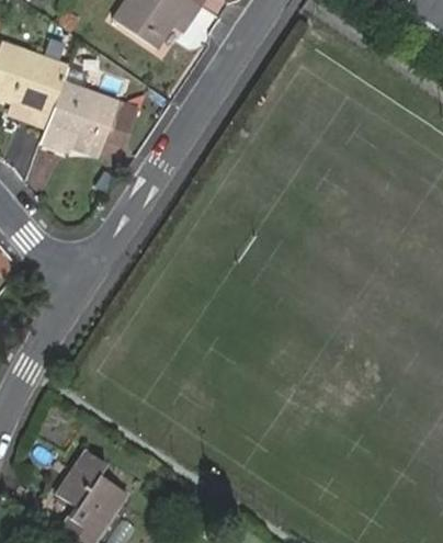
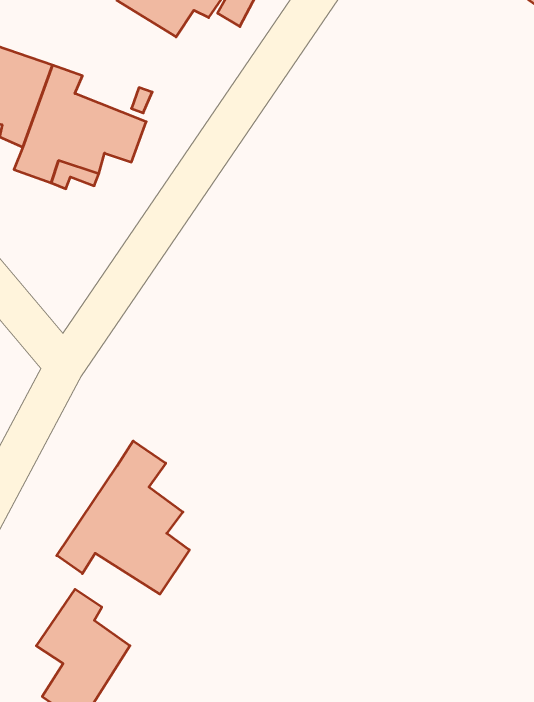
building: none -> [57,441,189,594]

